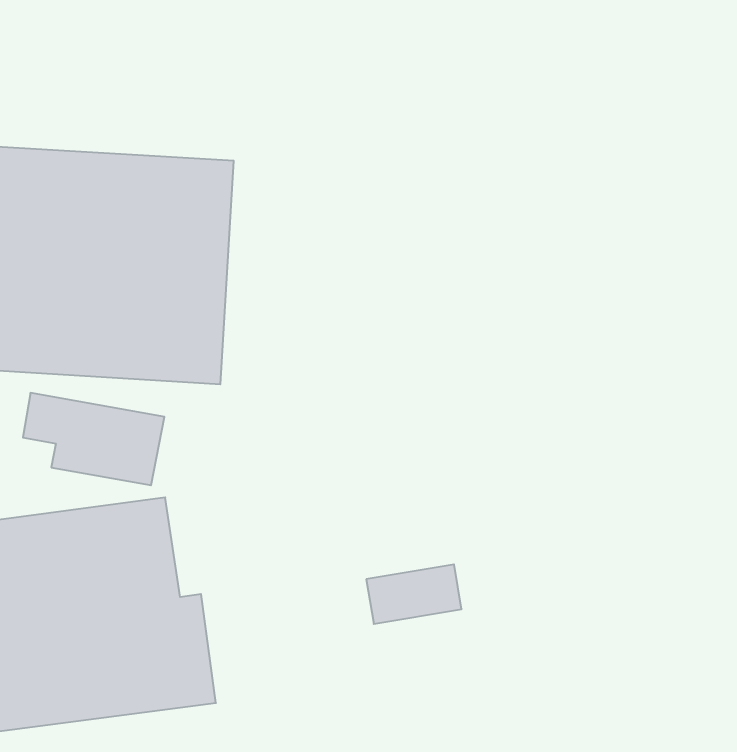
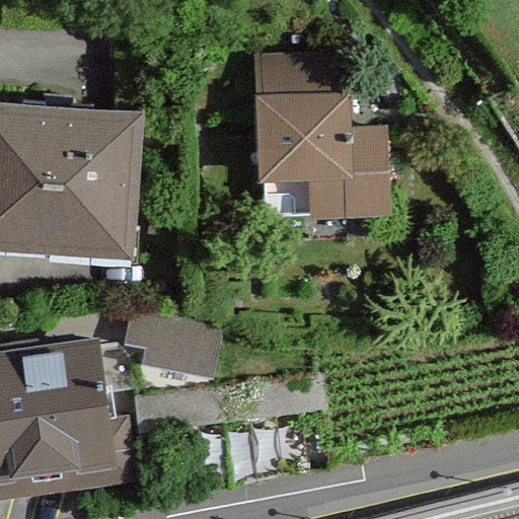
building: none -> [256,49,400,223]
building: [23,393,164,485] -> [128,312,224,375]

